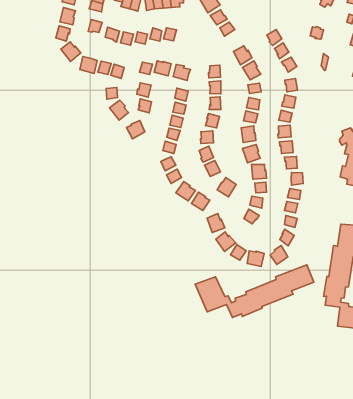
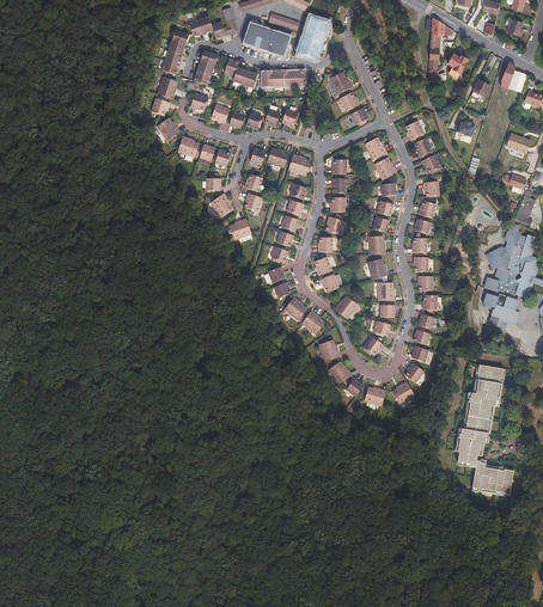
building: [195,265,314,317] -> none

